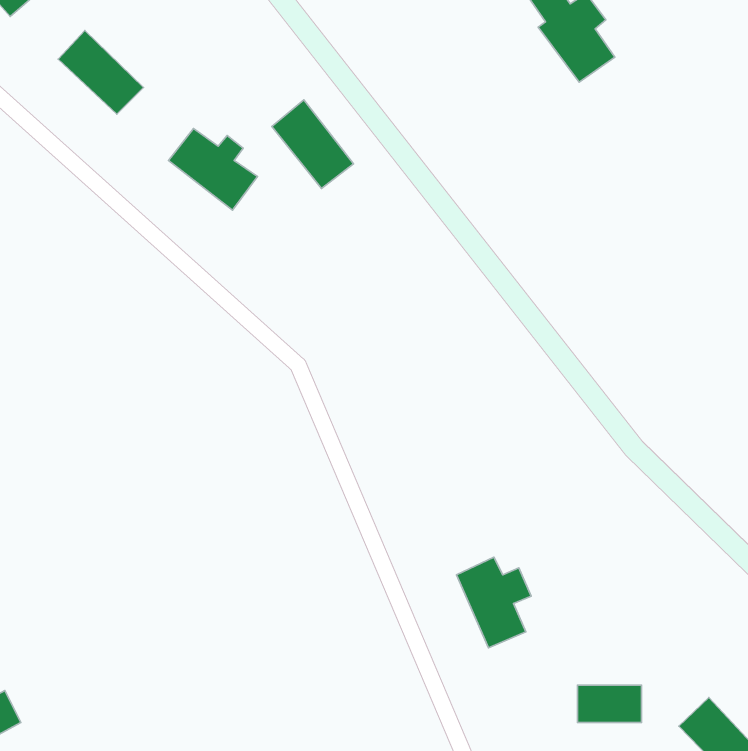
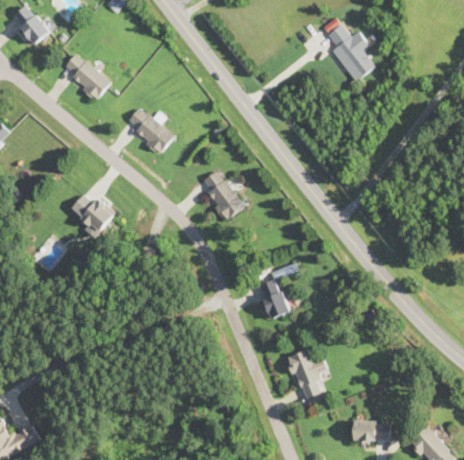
building: [272,100,354,189] -> [198,170,244,220]
building: none -> [70,195,115,234]
building: none -> [257,278,291,319]

